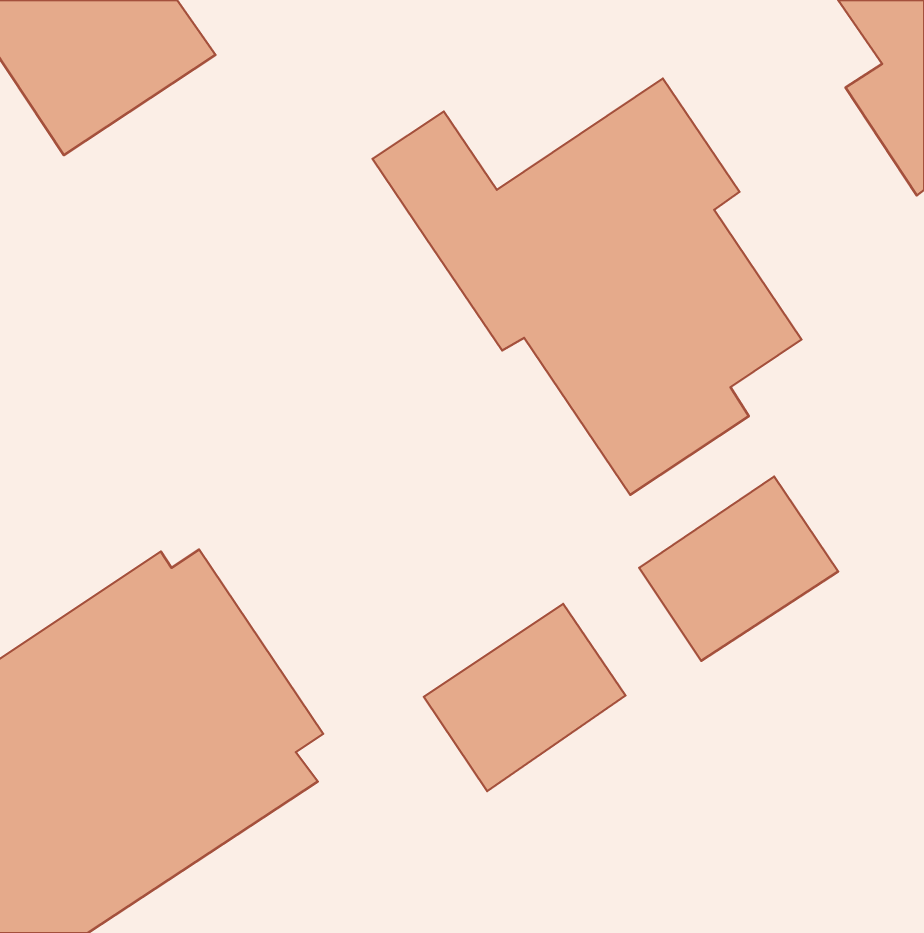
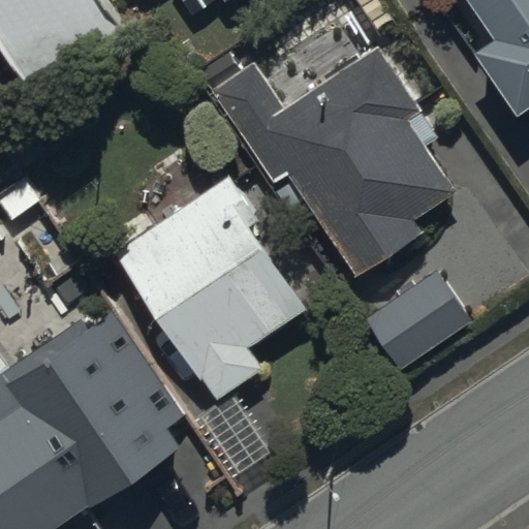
building: none -> [117,182,305,401]
building: [424,604,625,791] -> none

